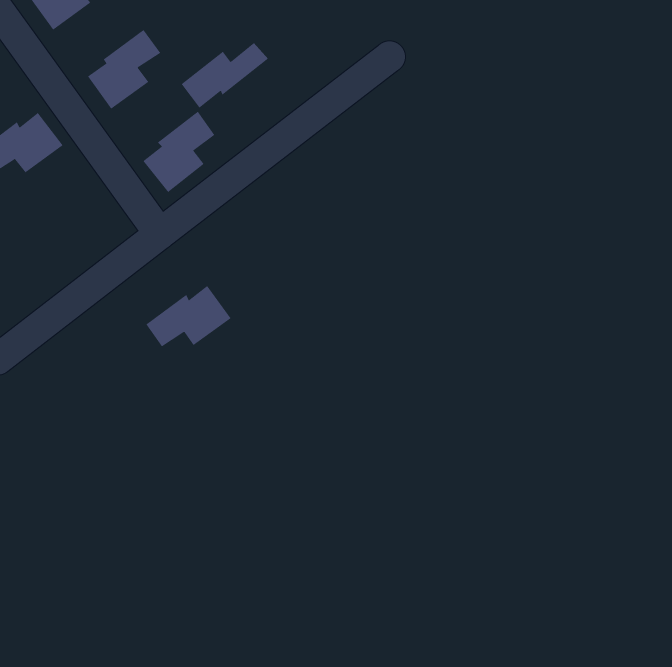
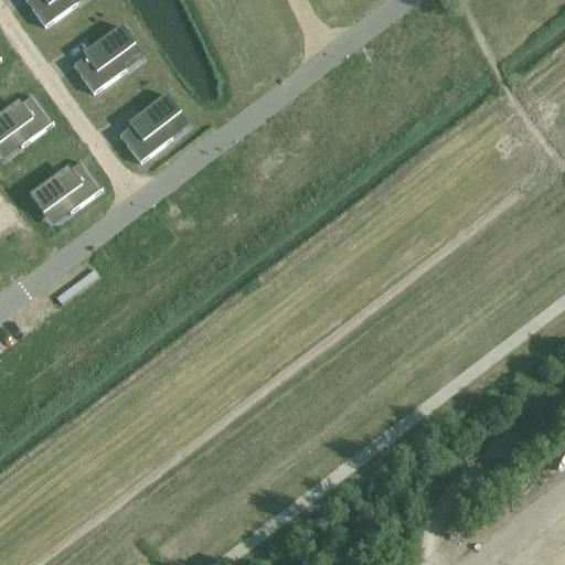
building: [181,42,269,108] -> none
building: [146,285,231,347] -> [30,160,102,212]

